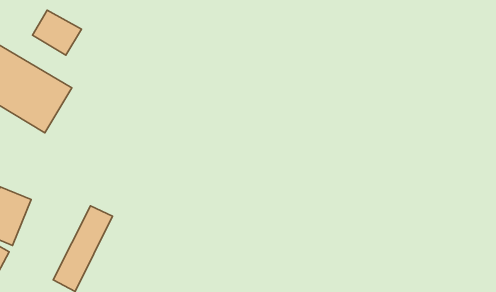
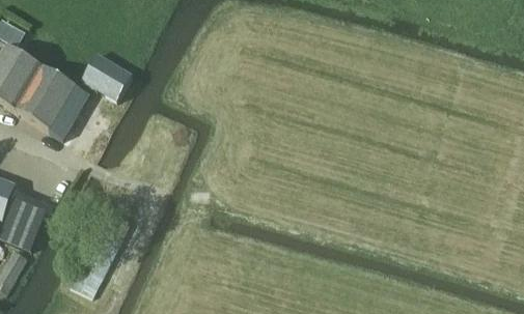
building: [33,10,82,55] -> [83,54,132,98]

